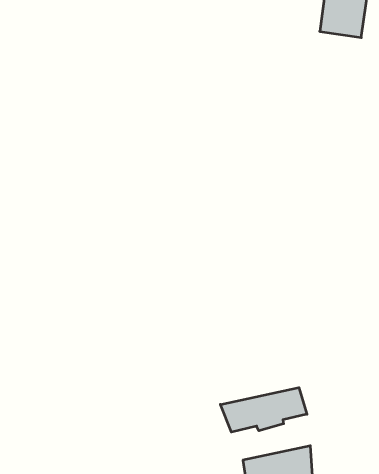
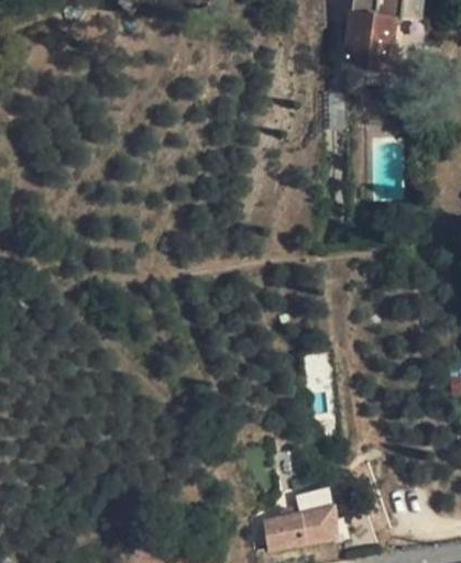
building: [220,388,307,432] -> none

